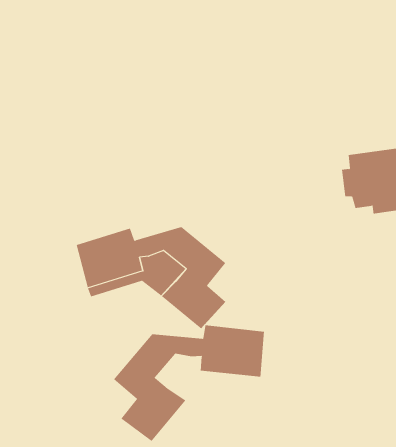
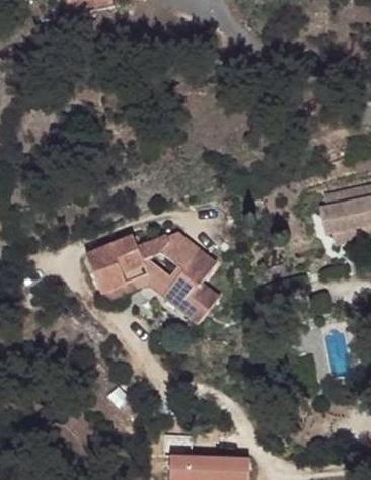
building: [113,325,264,442] -> none

